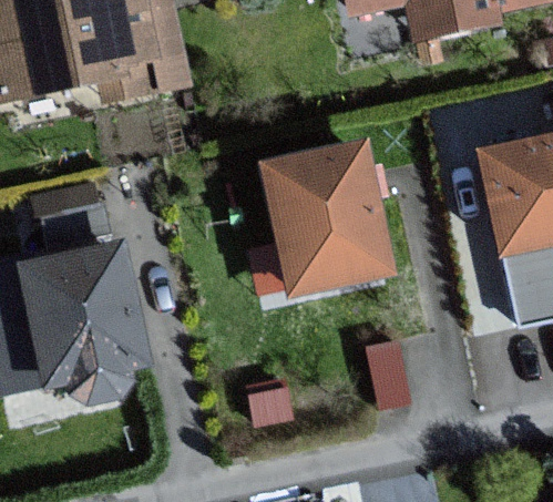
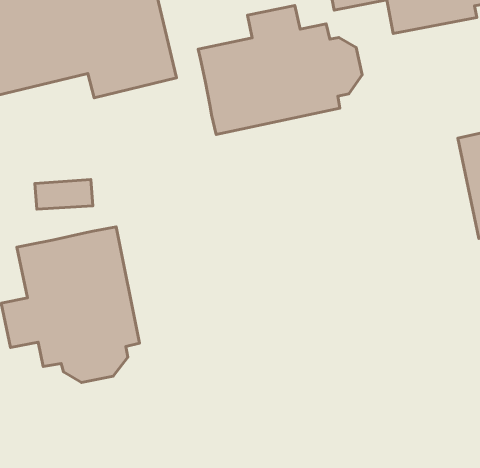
building: none -> [198,6,362,135]
building: [267,141,393,290] -> none

